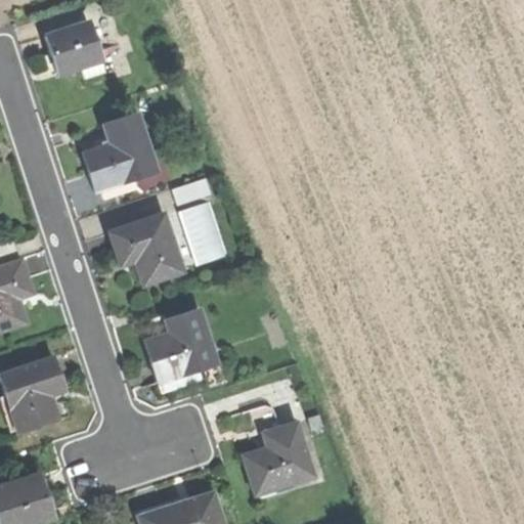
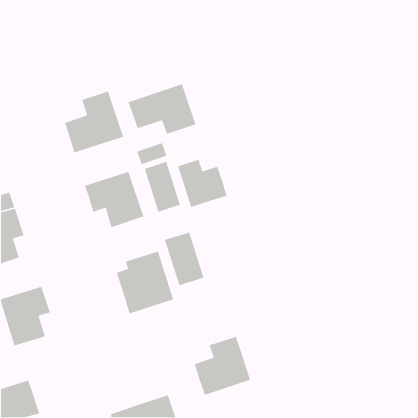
building: [44,21,114,77] -> none
building: none -> [127,83,196,135]
building: none -> [177,159,227,208]
building: none -> [164,231,205,286]

